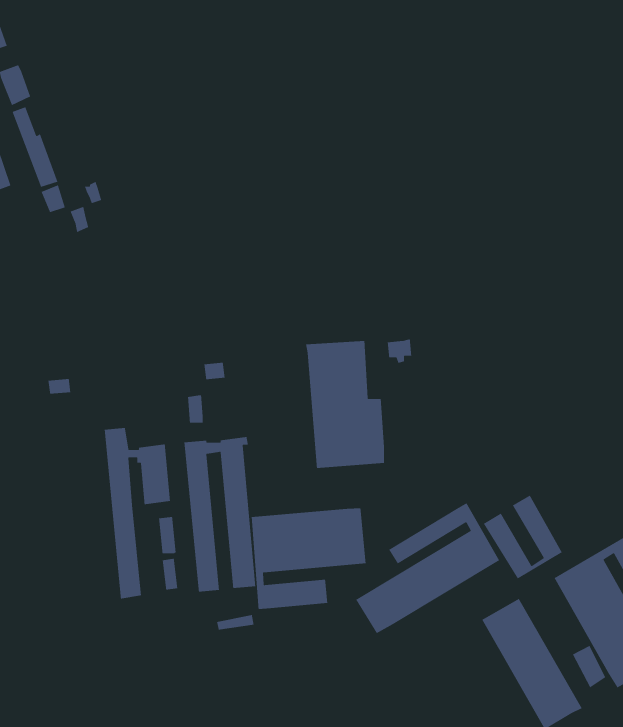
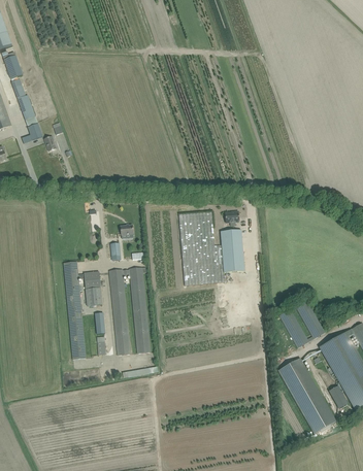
building: none -> [221,229,244,272]
building: [355,502,500,634] -> none
building: [251,508,366,610] -> none

